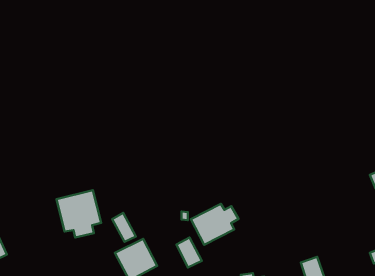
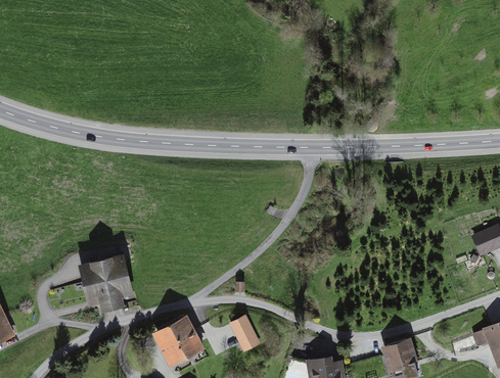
building: [191,204,238,245] -> none
building: [112,213,136,242] -> none

